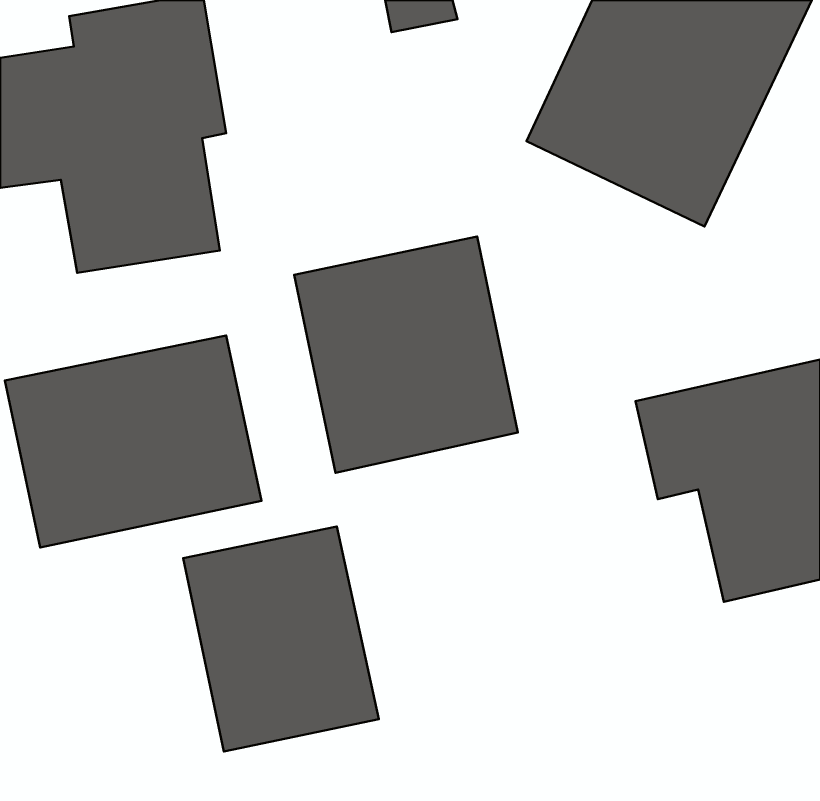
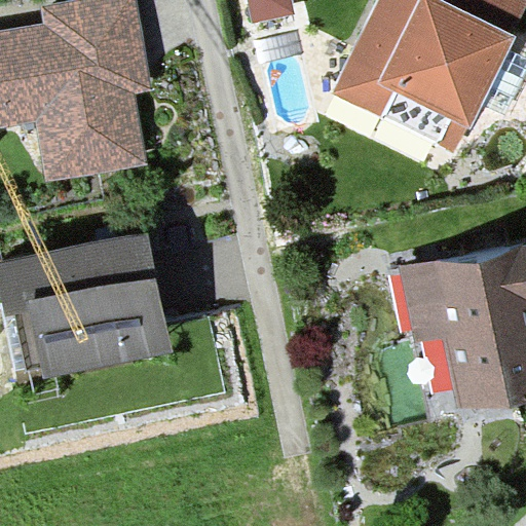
building: [294,236,518,473] -> none
building: [183,526,379,751] -> none

